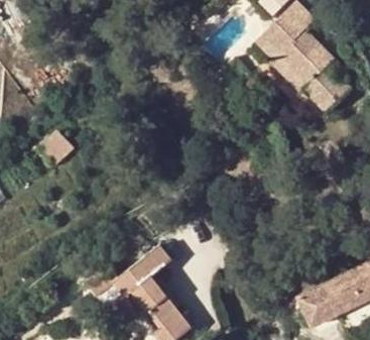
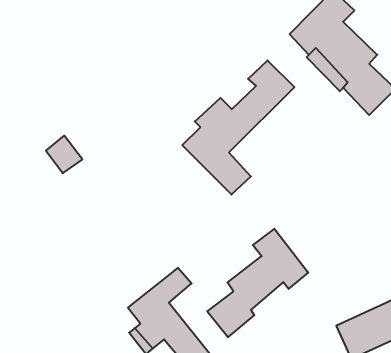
building: none -> [182,60,294,195]
building: none -> [207,229,308,337]

